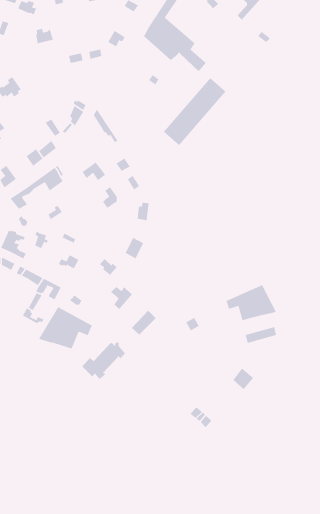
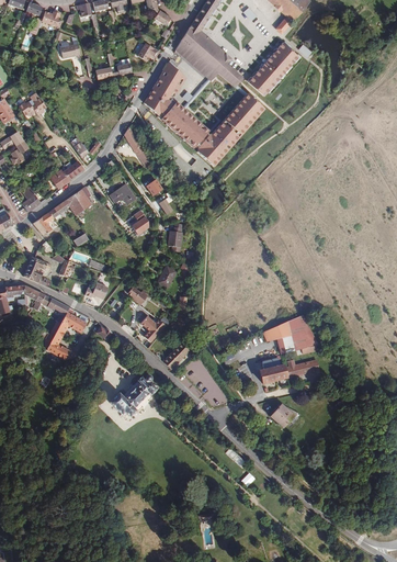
building: none -> [248,41,299,97]
building: none -> [145,63,212,151]
building: [38,306,93,349] -> none
building: none -> [260,358,286,383]

